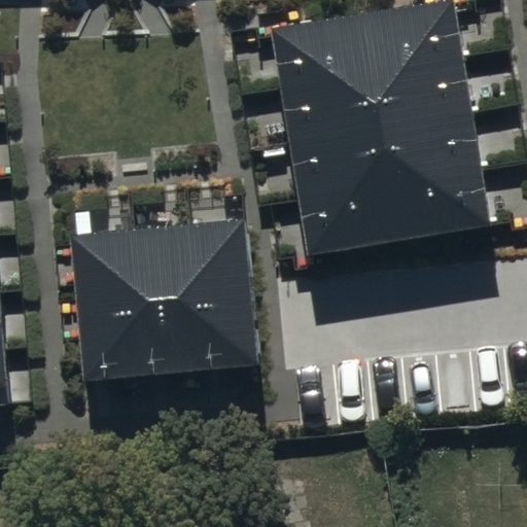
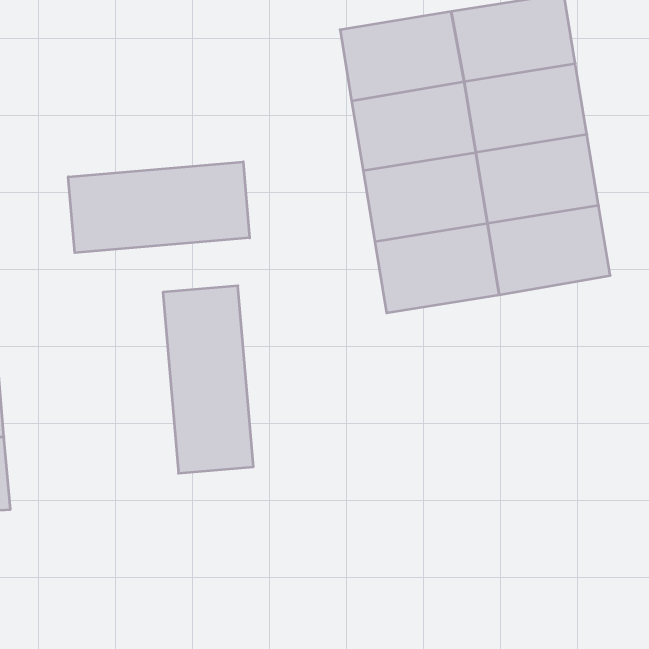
building: none -> [68,162,250,253]
building: [189,223,260,372] -> none
building: [72,233,142,382] -> none

